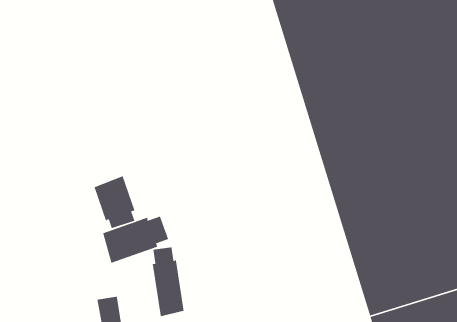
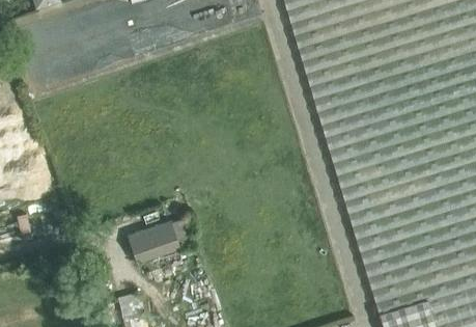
building: [94,175,136,229] -> none
building: [152,246,185,317] -> none

